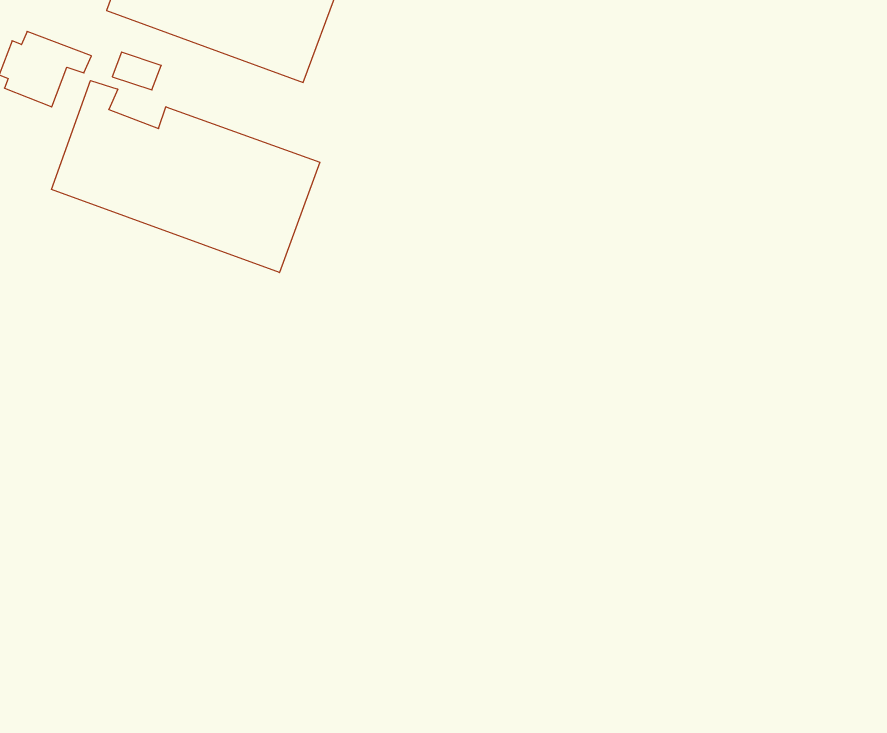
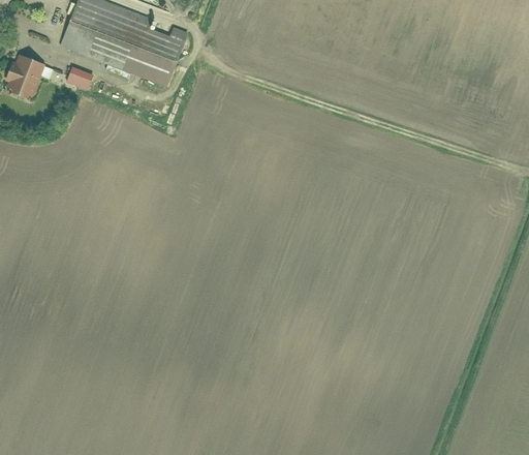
building: [52,81,320,273] -> none

